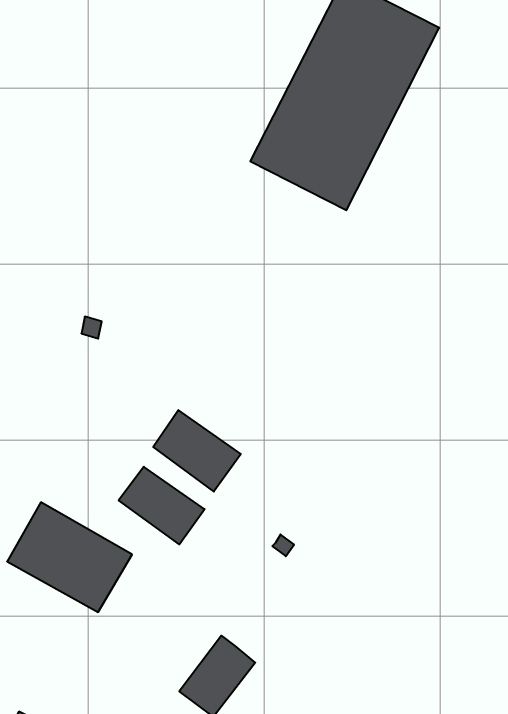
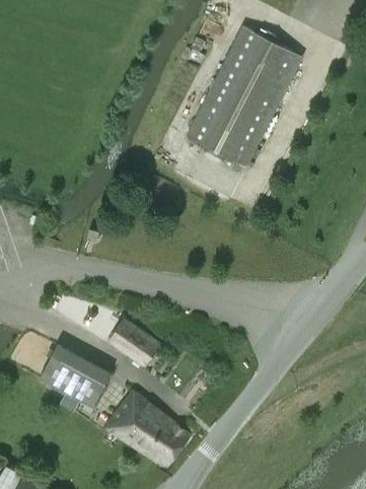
building: [153,410,241,492] -> none
building: none -> [104,389,169,455]

